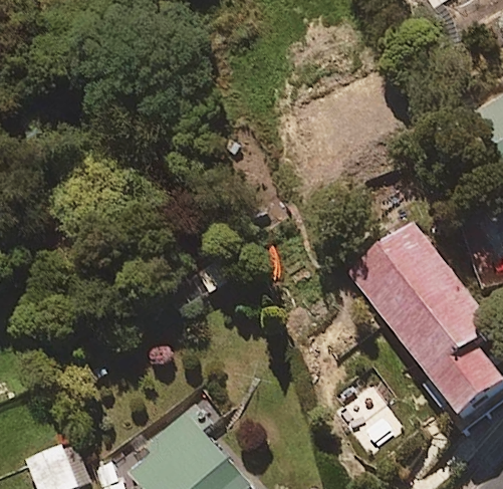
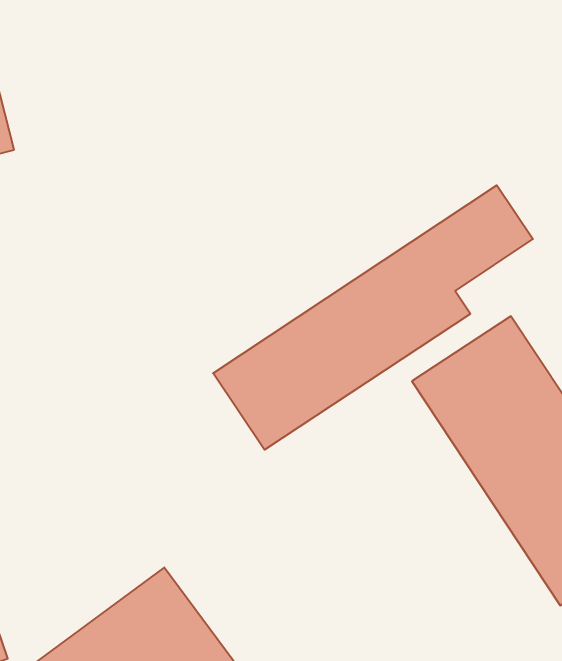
building: none -> [213,185,533,450]

